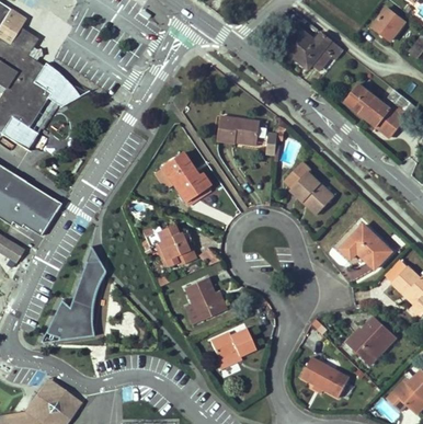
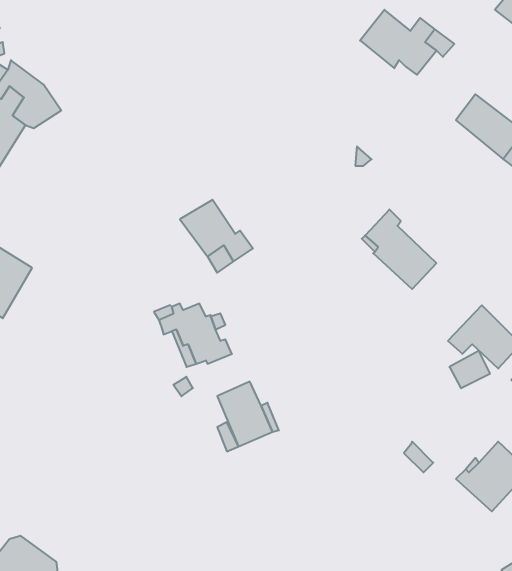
building: [218,116,260,144] -> none
building: [45,248,101,339] -> none
building: [210,330,255,369] -> none
building: [300,358,348,398] -> none

